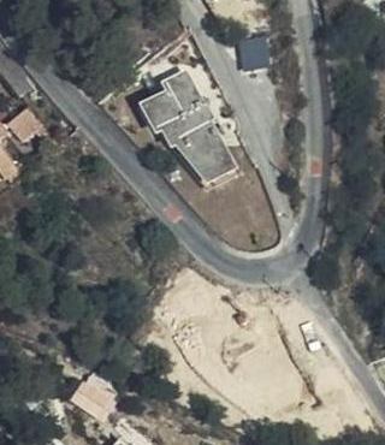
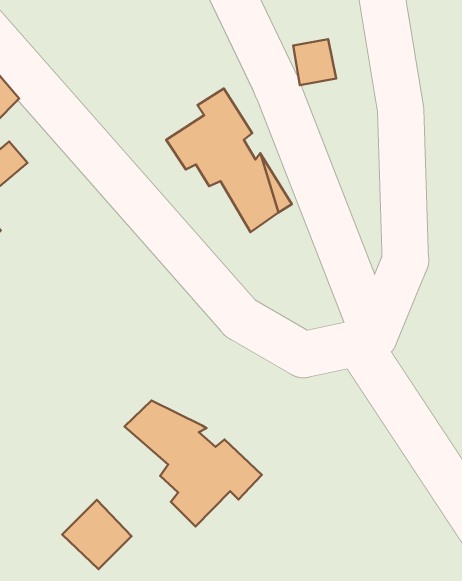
building: none -> [124,401,262,527]

